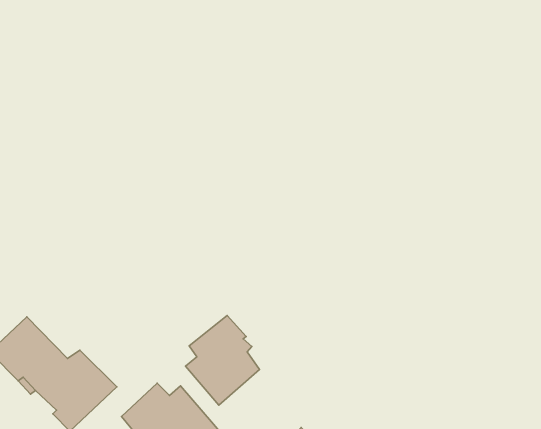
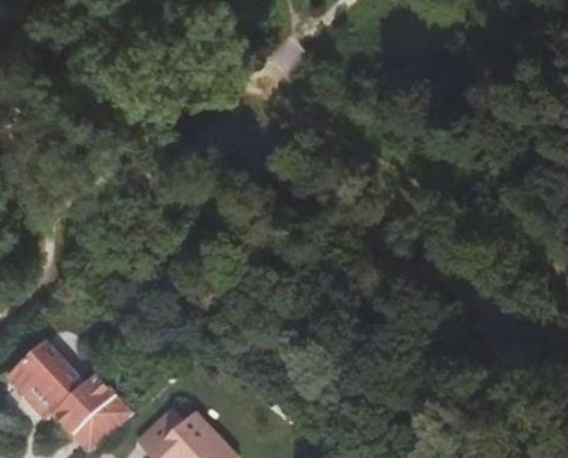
building: [185,315,259,405] -> none

